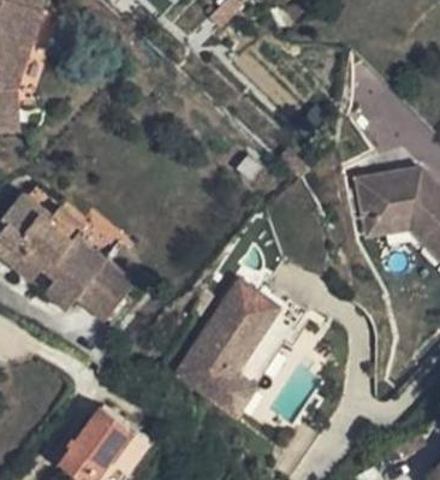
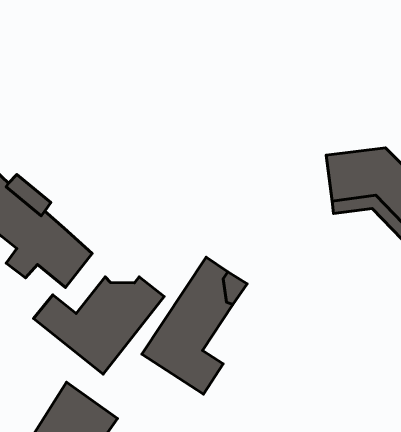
building: none -> [33,277,164,374]

